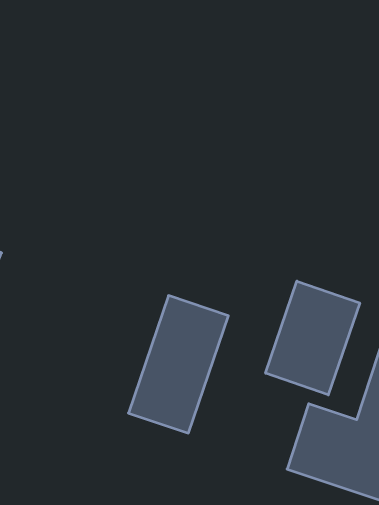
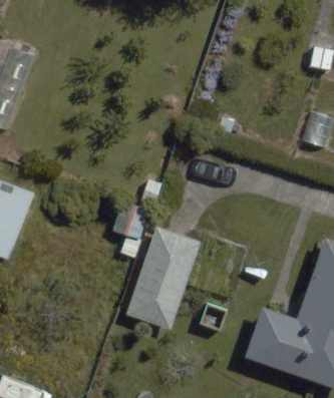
building: [266,281,360,395] -> none

